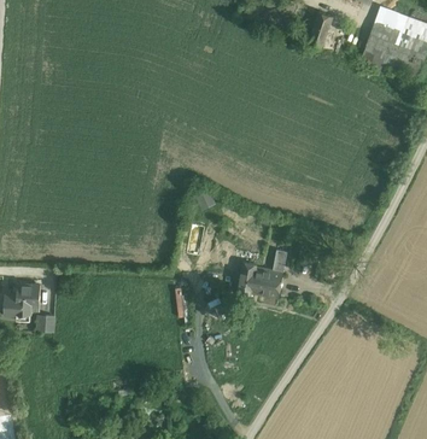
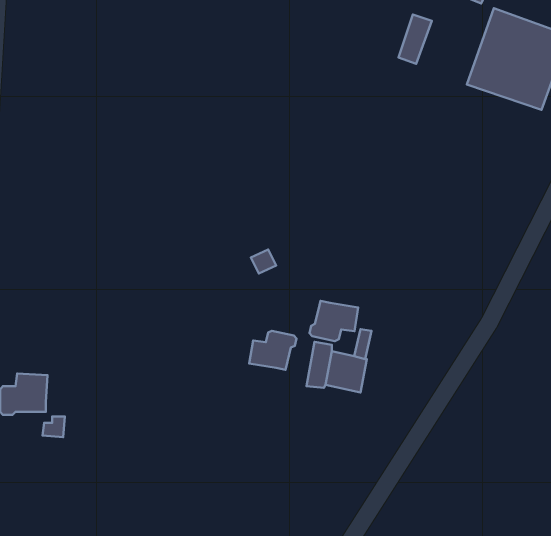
building: none -> [309,301,358,341]
building: none -> [249,331,296,370]

